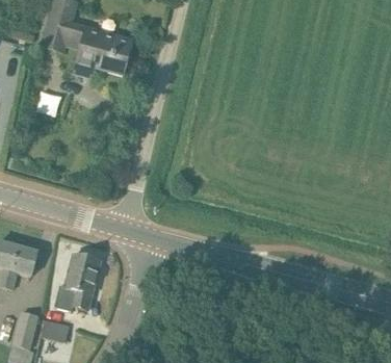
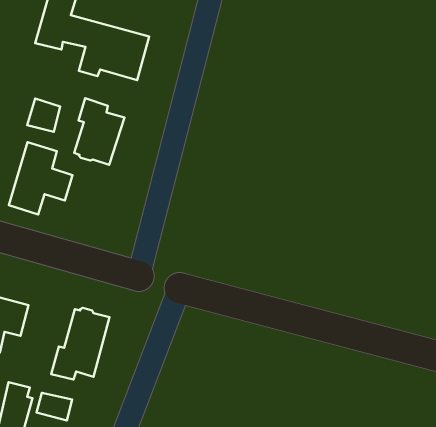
building: none -> [74,98,125,165]
building: none -> [9,142,72,214]

